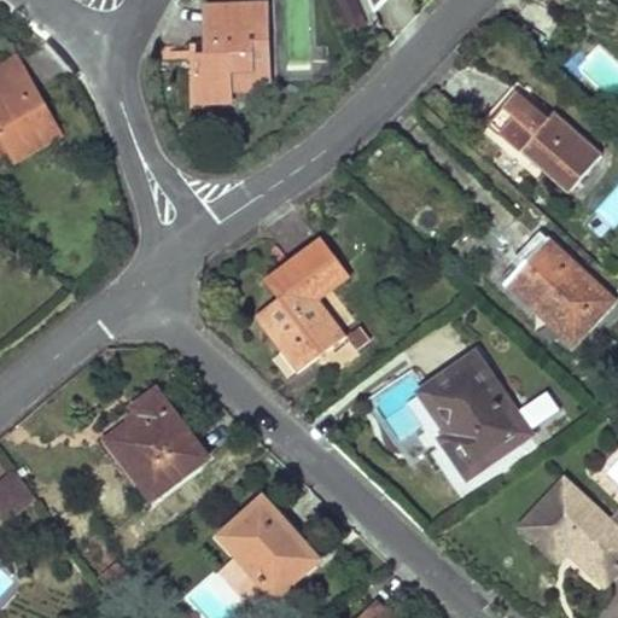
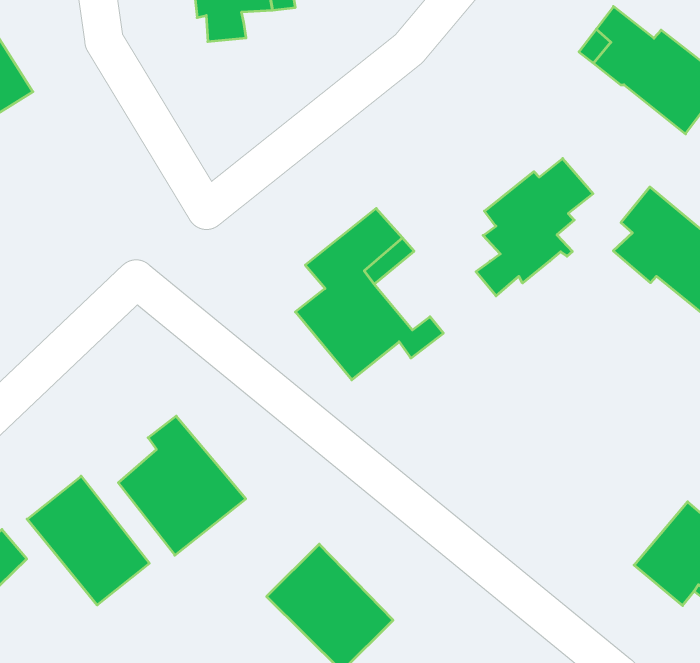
building: none -> [476,158,593,296]
building: [402,351,530,474] -> none
building: none -> [27,476,149,605]

